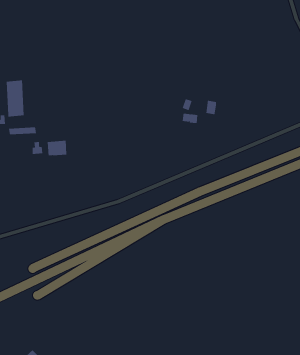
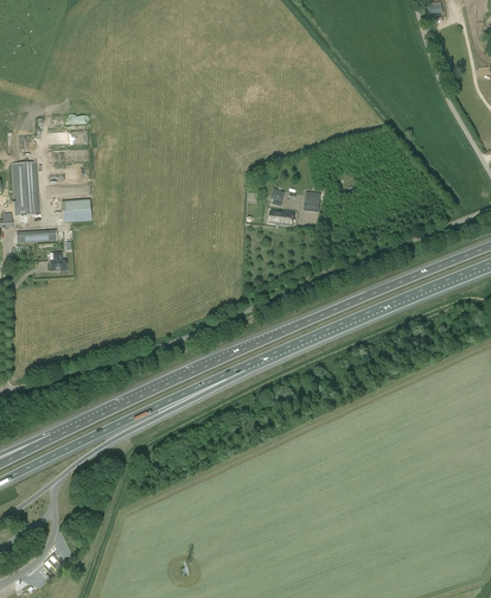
building: [47,140,67,156] -> [60,199,90,222]

